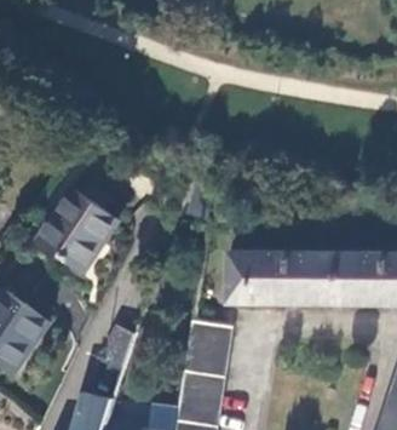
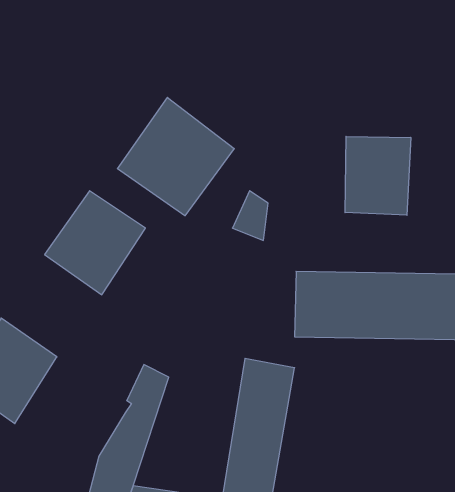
building: none -> [117,97,234,216]
building: none -> [345,136,411,215]

